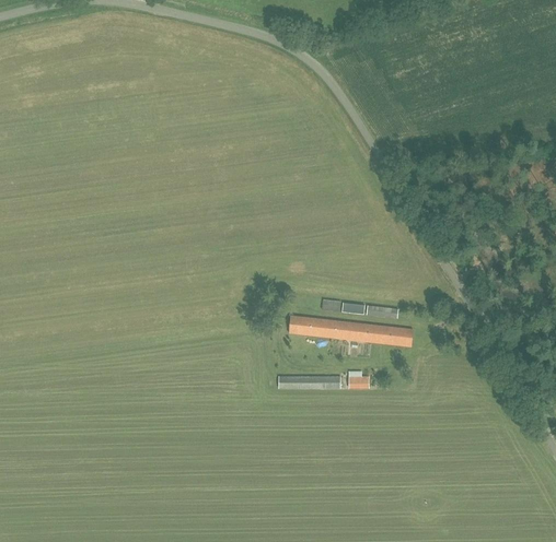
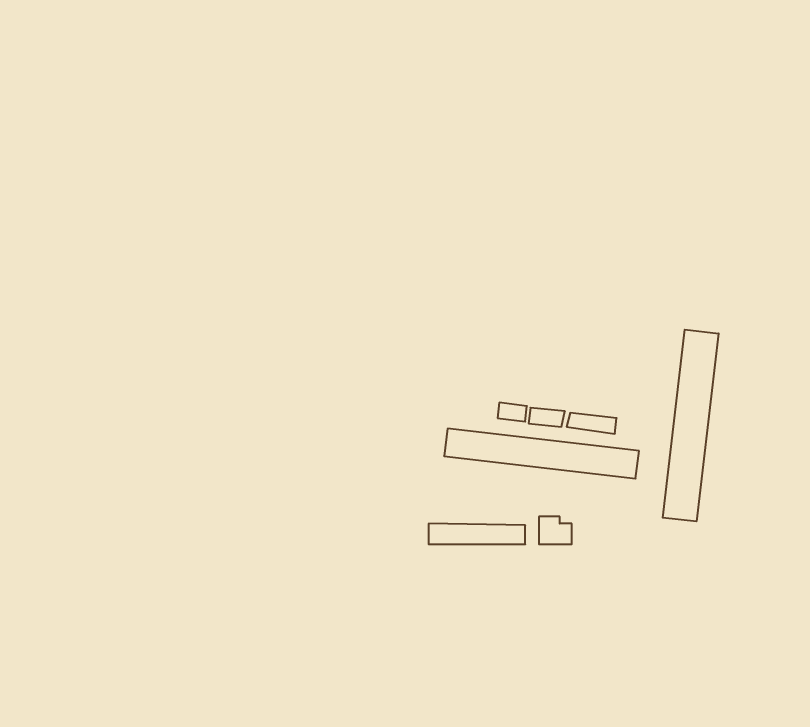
building: none -> [663,330,719,521]

